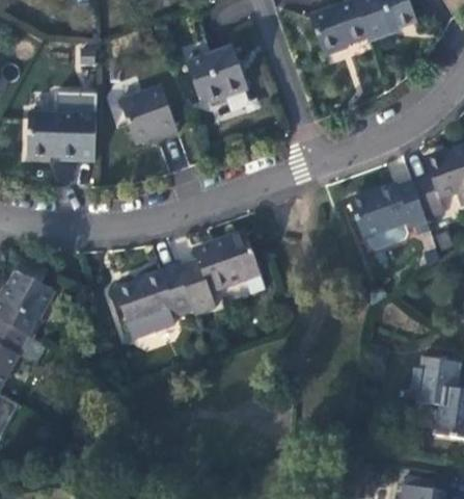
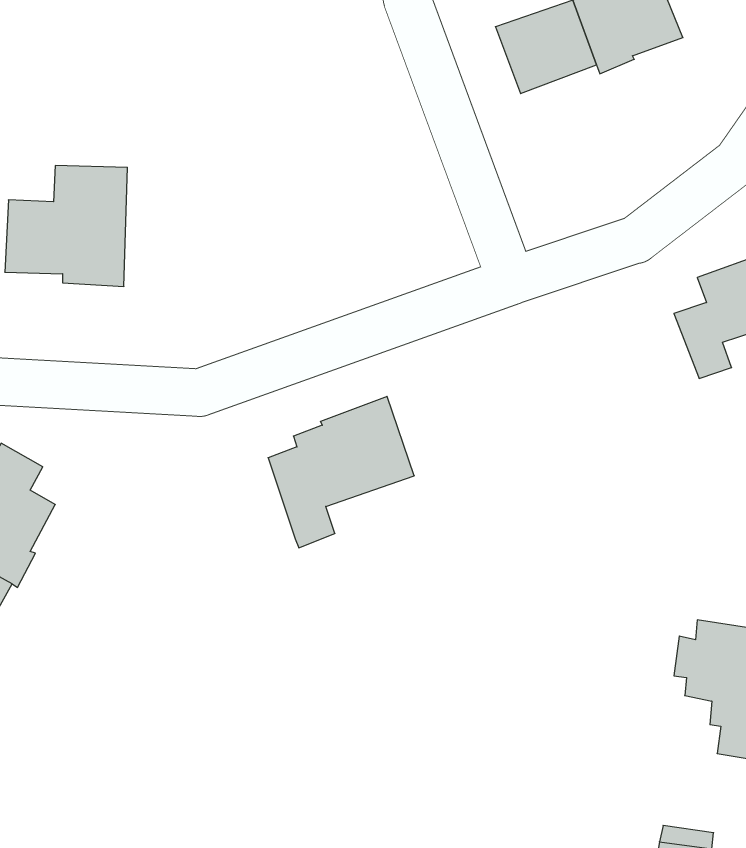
building: [183,43,248,107] -> none
building: [118,88,178,148] -> none
building: [349,182,426,238] -> none
building: [113,263,193,341] -> none

